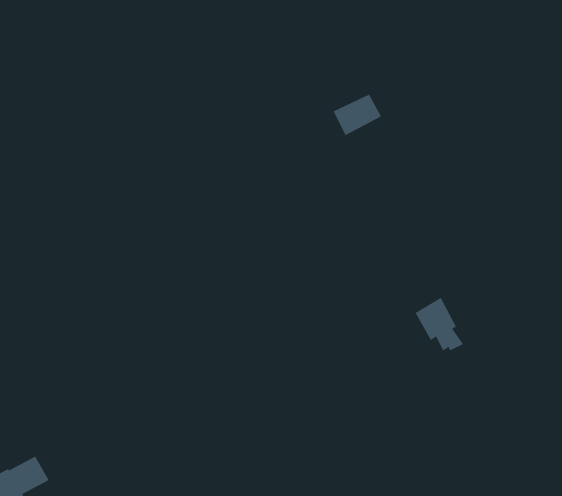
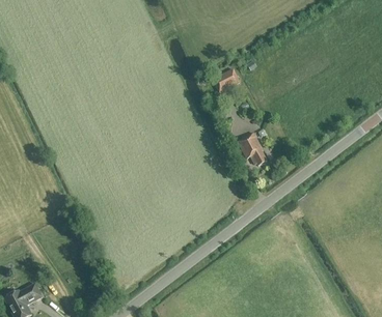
building: [415,297,464,351] -> [237,132,266,164]

